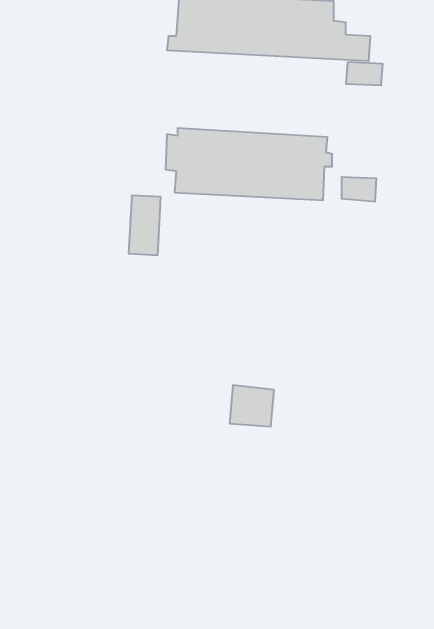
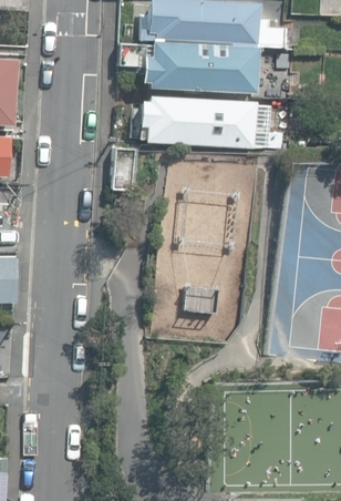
building: none -> [118,43,258,94]

